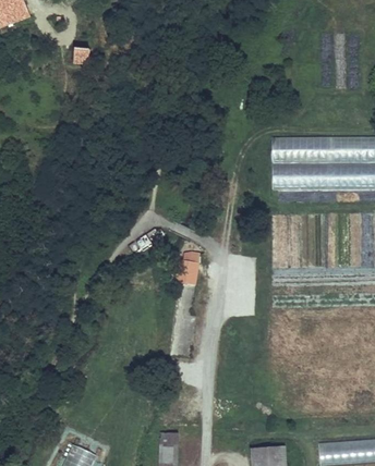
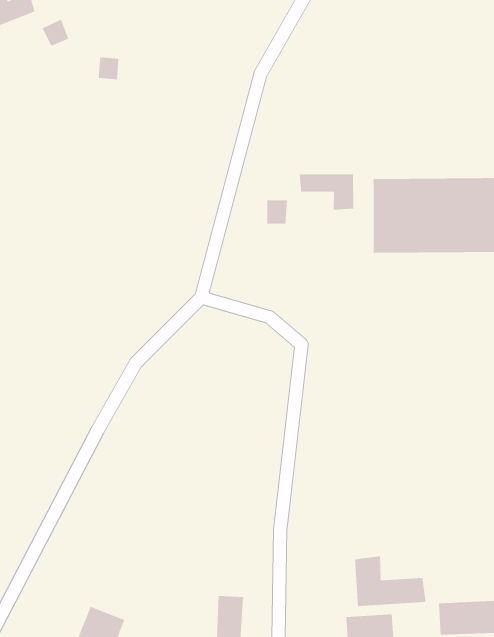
building: none -> [299,174,354,210]
building: [176,260,199,285] -> none
building: none -> [354,555,426,607]

